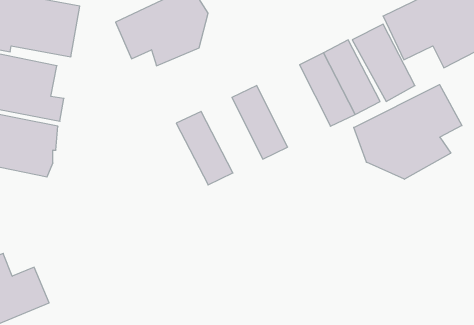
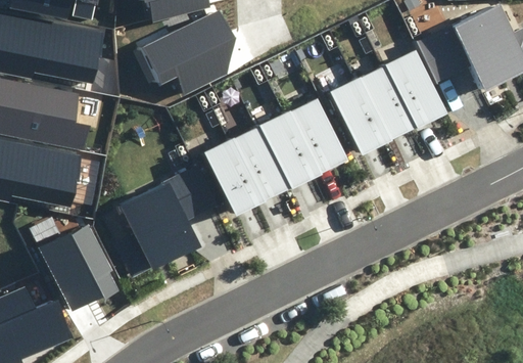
building: none -> [286,97,348,176]
building: [354,85,462,179] -> none
building: none -> [229,126,287,202]
building: none -> [116,166,211,275]
building: none -> [39,222,117,312]

